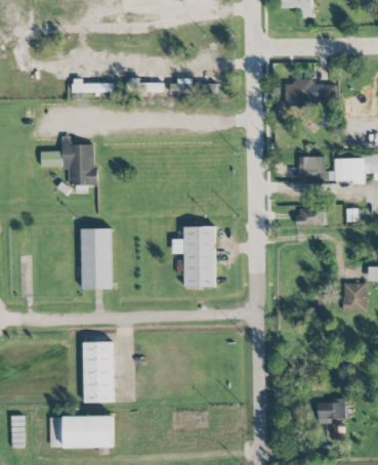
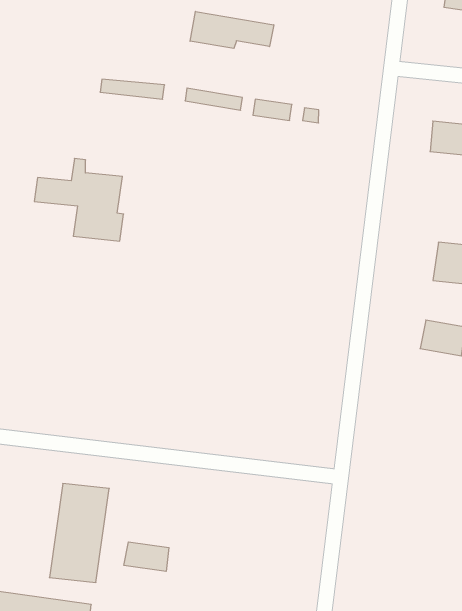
building: none -> [190,11,274,48]
building: [173,226,215,287] -> none
building: [82,227,113,289] -> none
building: none -> [124,542,169,571]

